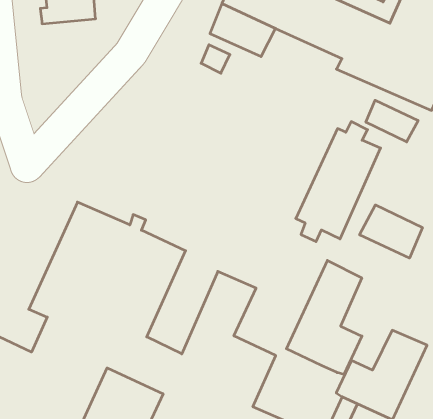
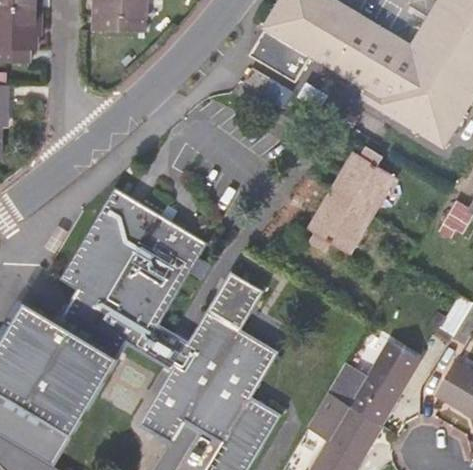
building: [366,100,418,142] -> none
building: [360,205,422,258] -> none
building: [286,260,362,375] -> none

